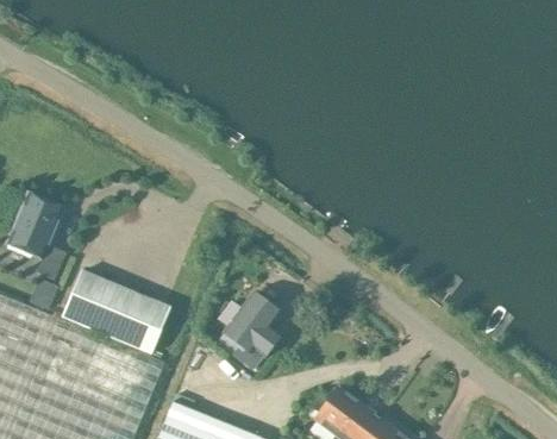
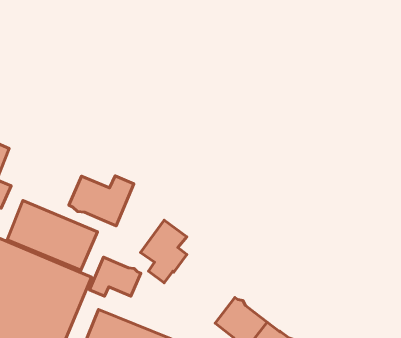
building: none -> [69,176,134,226]
building: none -> [90,257,141,296]

